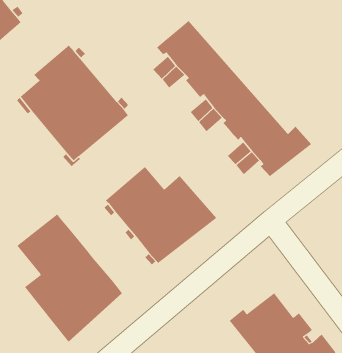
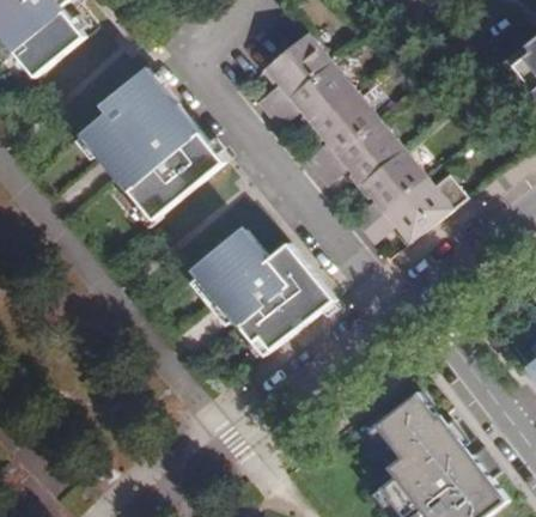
building: [16,213,123,343] -> none

